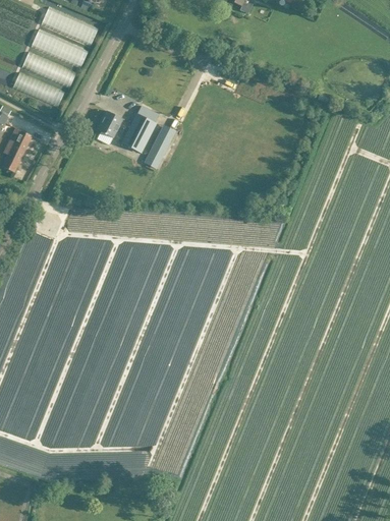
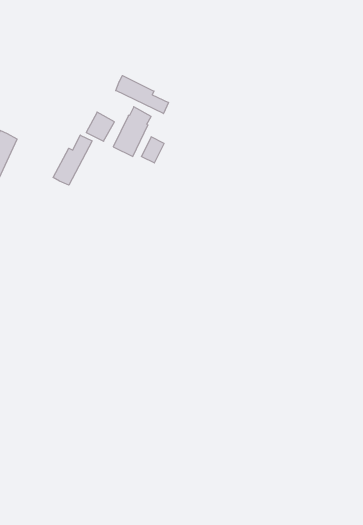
building: none -> [116,76,168,114]
building: none -> [53,135,92,185]

